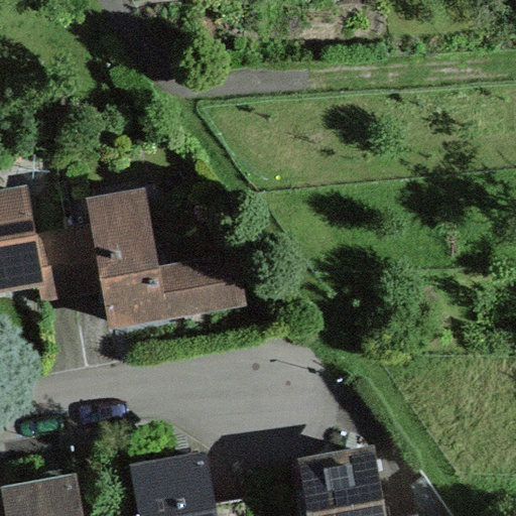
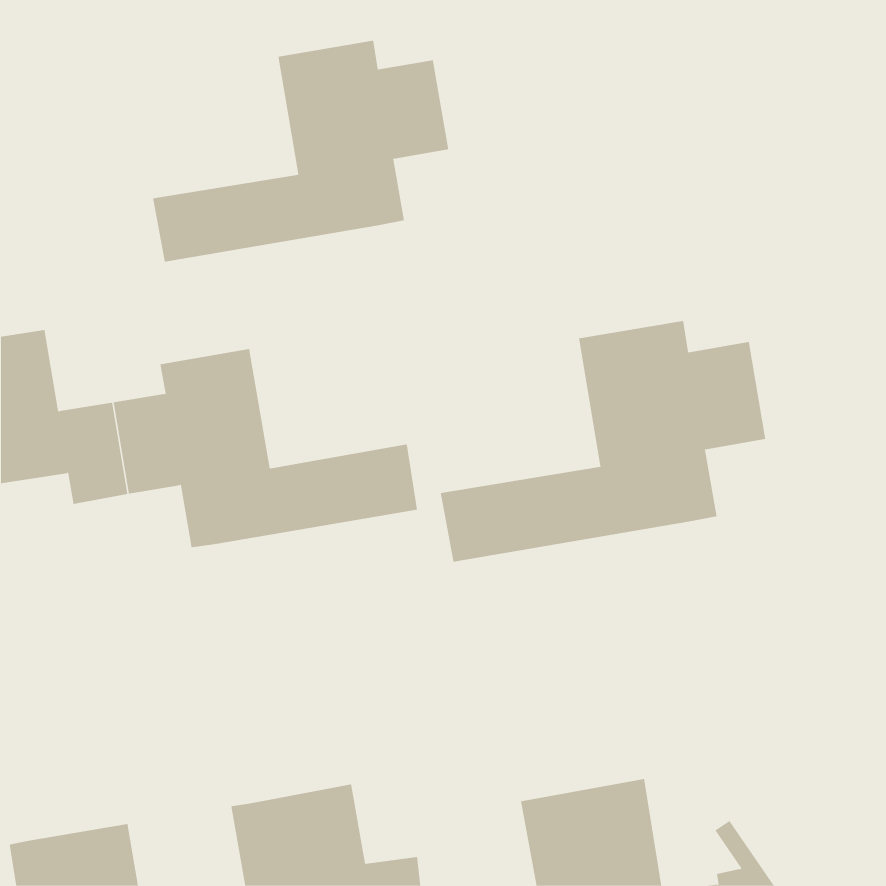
building: none -> [153,40,449,263]
building: none -> [440,320,766,563]

